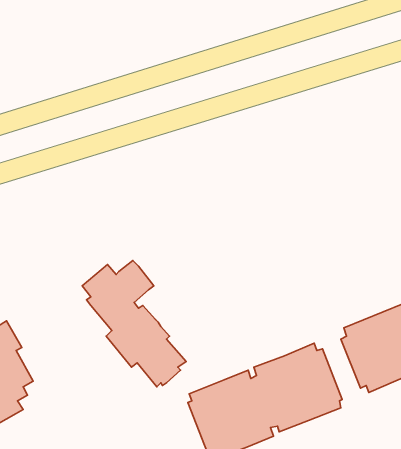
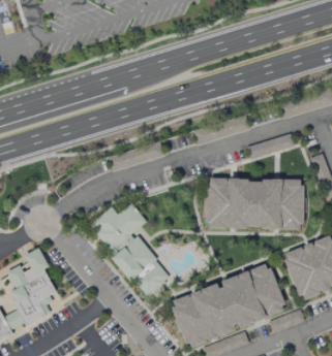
building: none -> [206,177,307,230]

